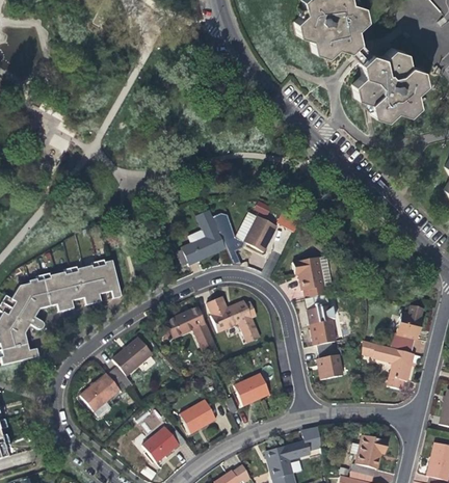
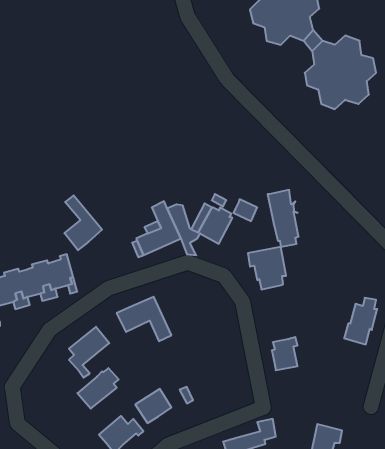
building: none -> [64,195,102,250]
building: [305,294,336,351] -> [268,190,299,247]
building: [210,299,260,341] -> none
building: [365,342,414,391] -> none
building: [82,369,124,409] -> [77,368,119,409]
building: [233,371,269,404] -> none

